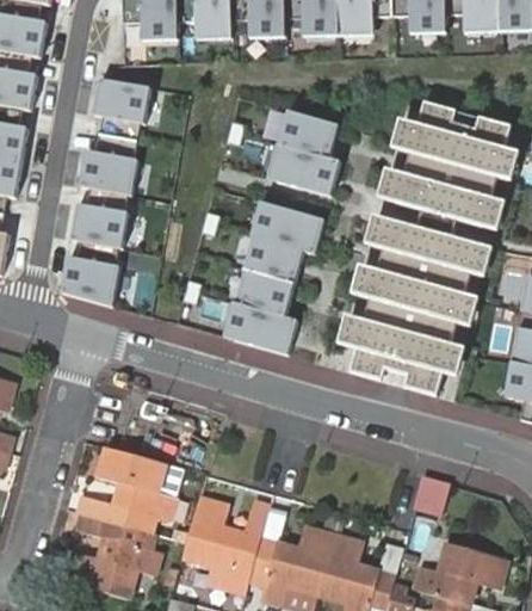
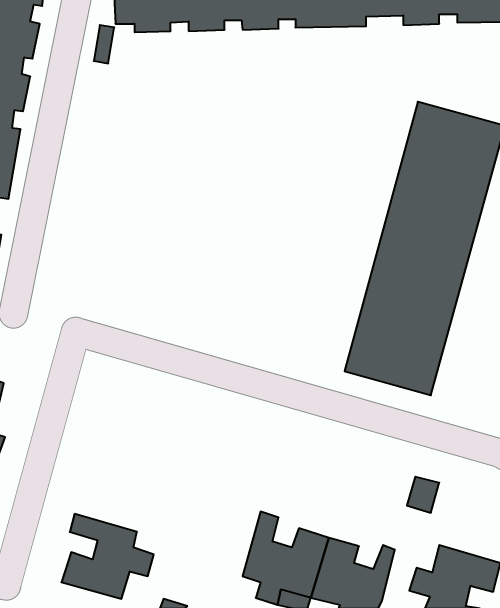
building: [60,80,149,306] -> none
building: [274,111,339,196] -> none
building: [231,204,322,353] -> none
building: [76,448,181,532] -> none
building: [180,495,265,588] -> none

